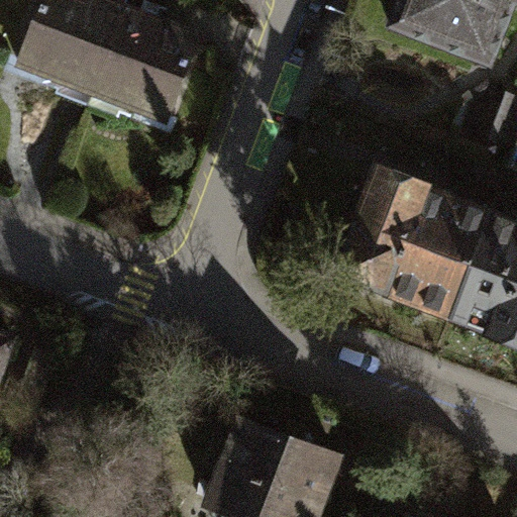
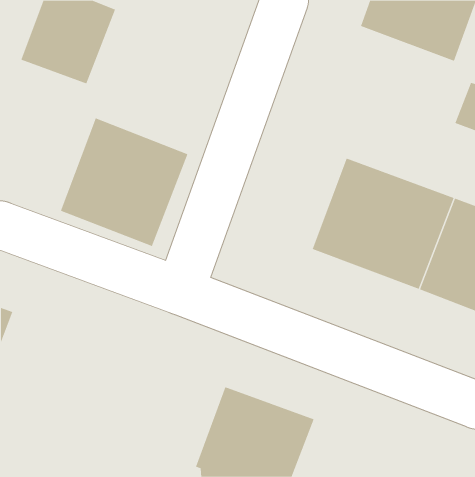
building: [96,10,202,119] -> none
building: none -> [60,117,188,247]

